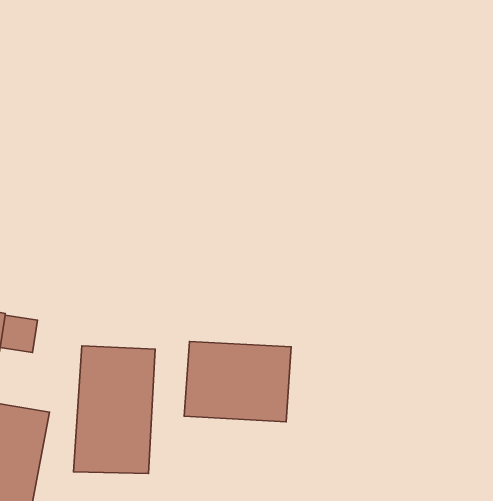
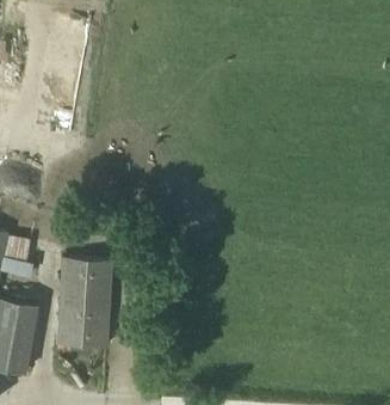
building: [184,341,291,422] -> none

